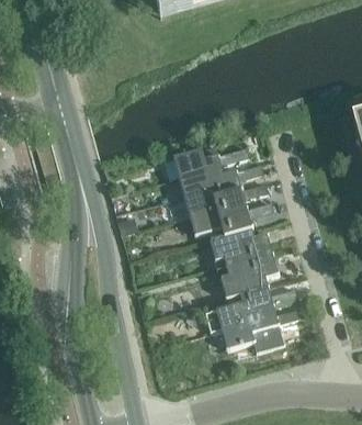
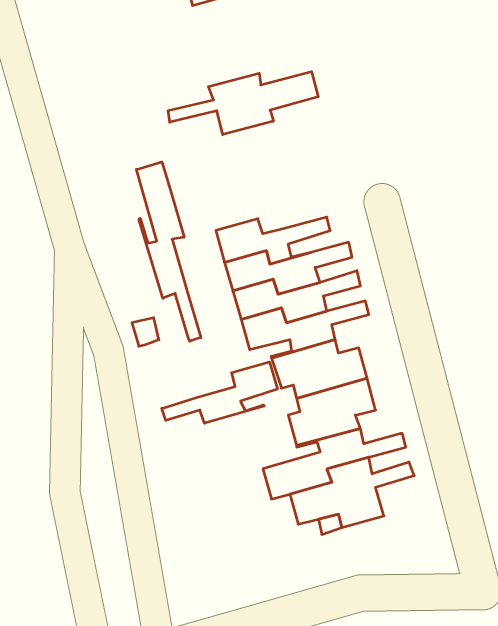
building: none -> [168,72,318,135]
building: none -> [136,162,201,341]
building: none -> [162,362,277,423]

